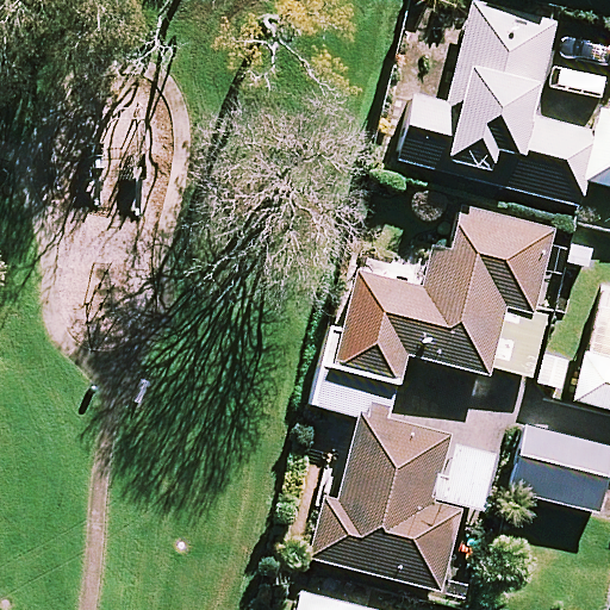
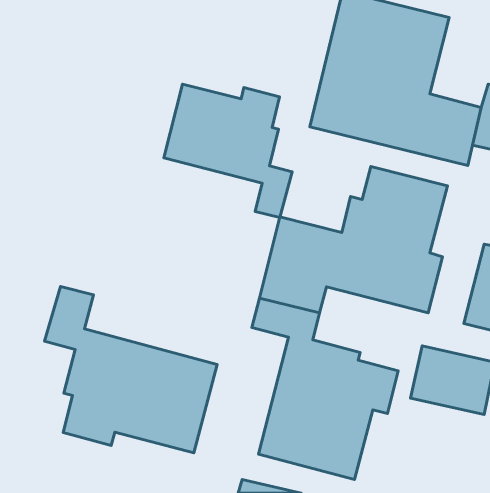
building: none -> [164,84,292,217]
building: none -> [45,286,217,453]

